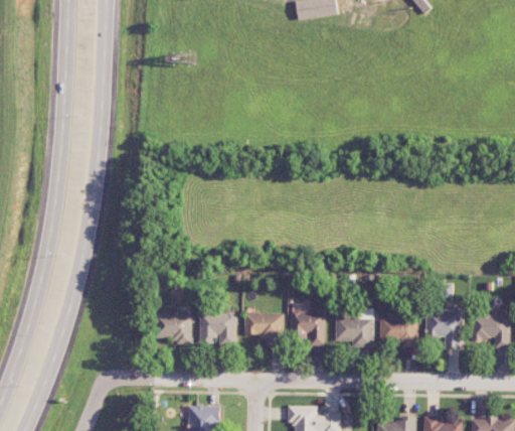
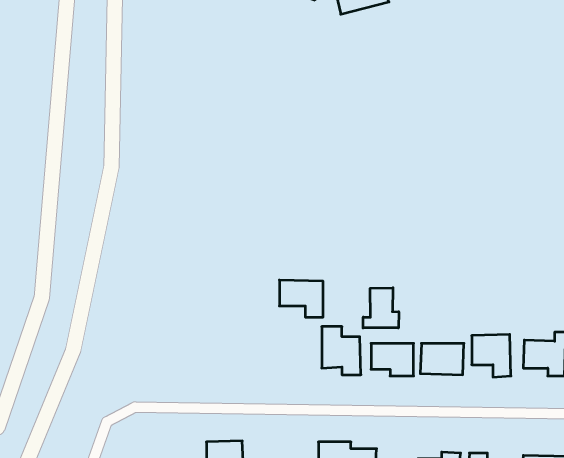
building: none -> [363,288,399,328]
building: [157,312,191,343] -> none
building: [243,312,283,345] -> [279,280,323,317]
building: [198,313,234,346] -> none

